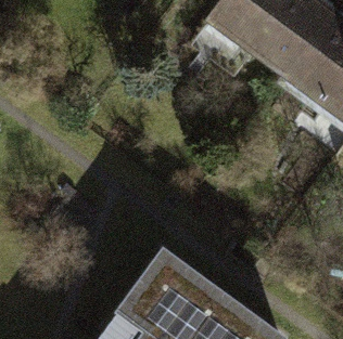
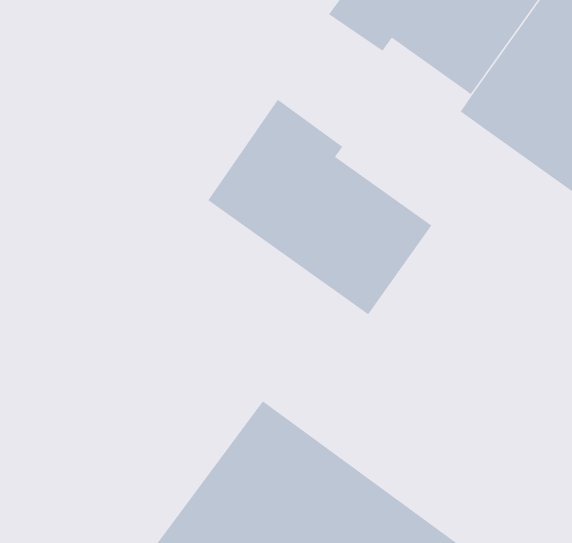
building: none -> [208,99,432,315]

